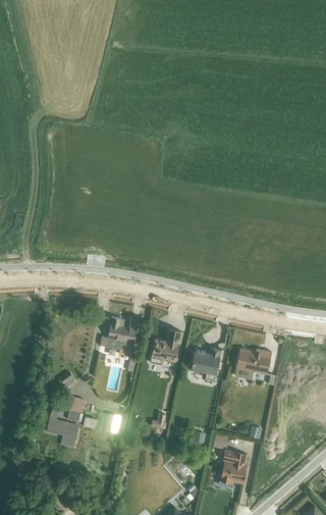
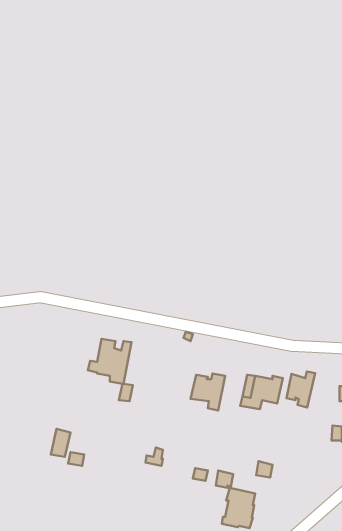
building: [149,328,181,364] -> none
building: none -> [287,372,315,407]
building: [46,412,77,448] -> none

